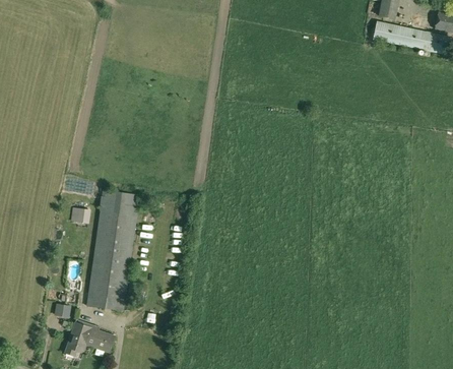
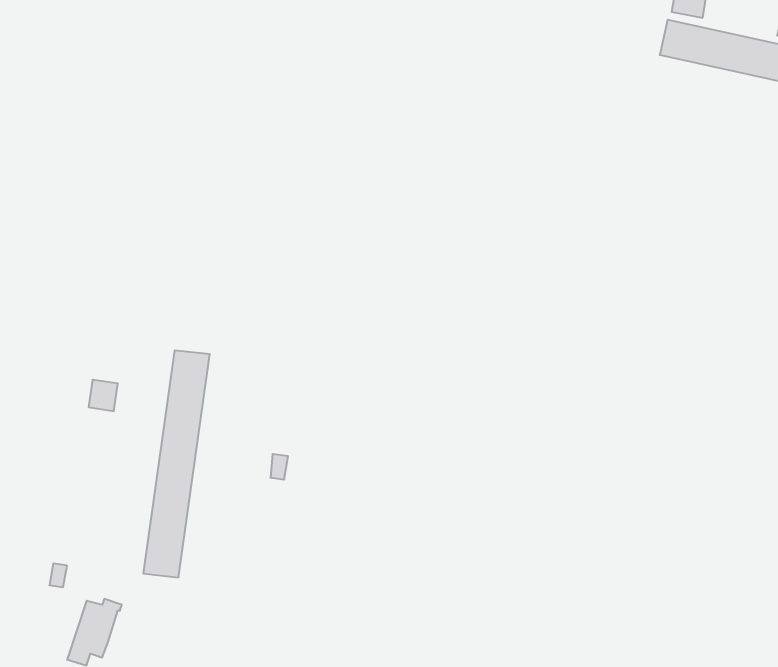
building: [86,189,120,308] -> none
building: [85,326,114,352] -> none

